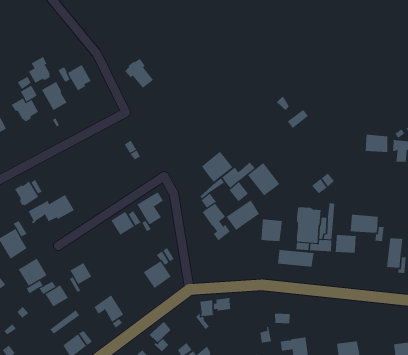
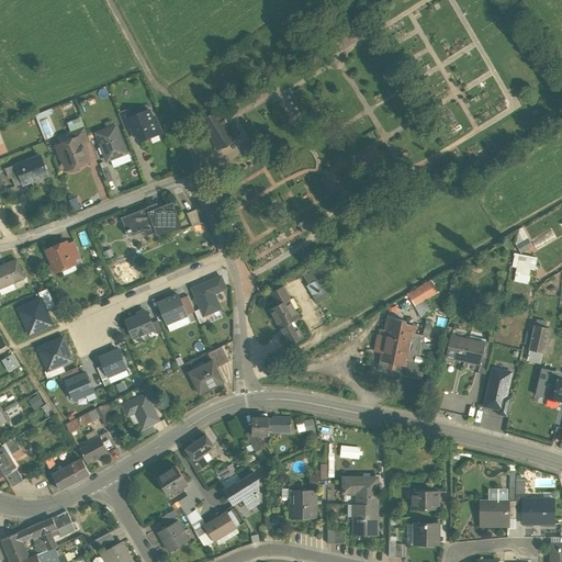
building: [28,56,51,84] -> none
building: [365,134,388,153] -> none
building: [201,151,233,183] -> none
building: [247,162,280,196] -> none
building: [28,194,75,224] -> [122,204,179,235]
building: [226,199,260,231] -> none
building: [261,218,282,242] -> none
building: none -> [125,312,154,338]
building: [335,234,356,254] -> none
building: [278,249,314,267] -> none

